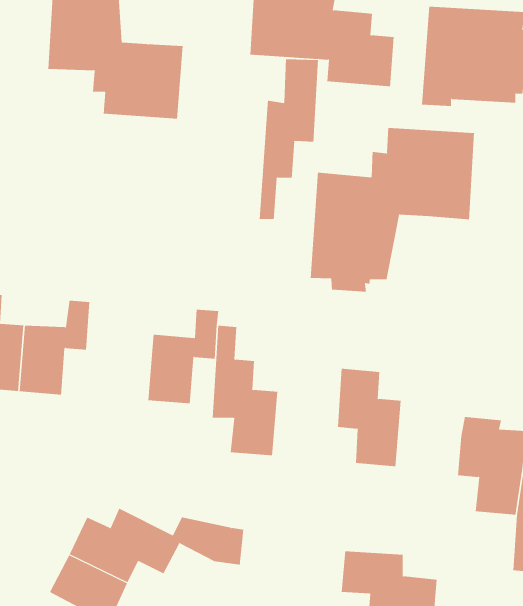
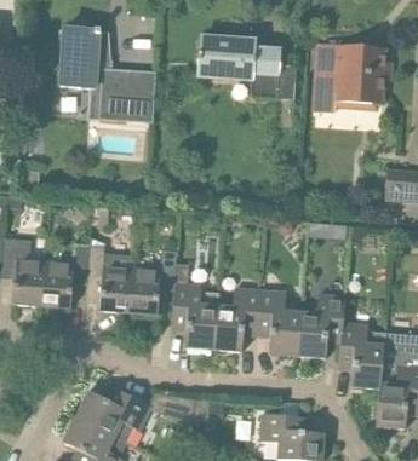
building: [259,58,318,220] -> none
building: [310,127,475,293] -> none
building: none -> [87,244,132,311]
building: none -> [213,287,259,351]
building: none -> [297,294,345,357]

